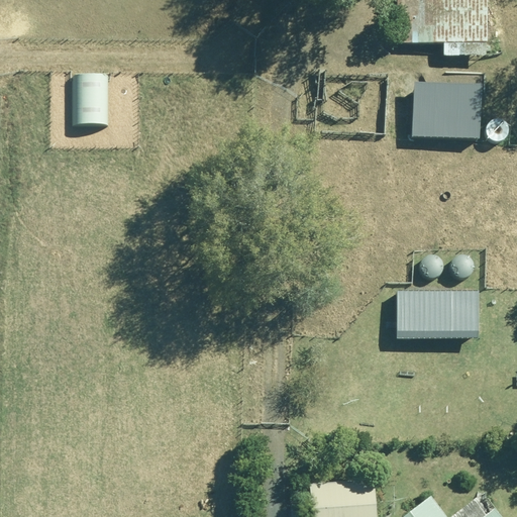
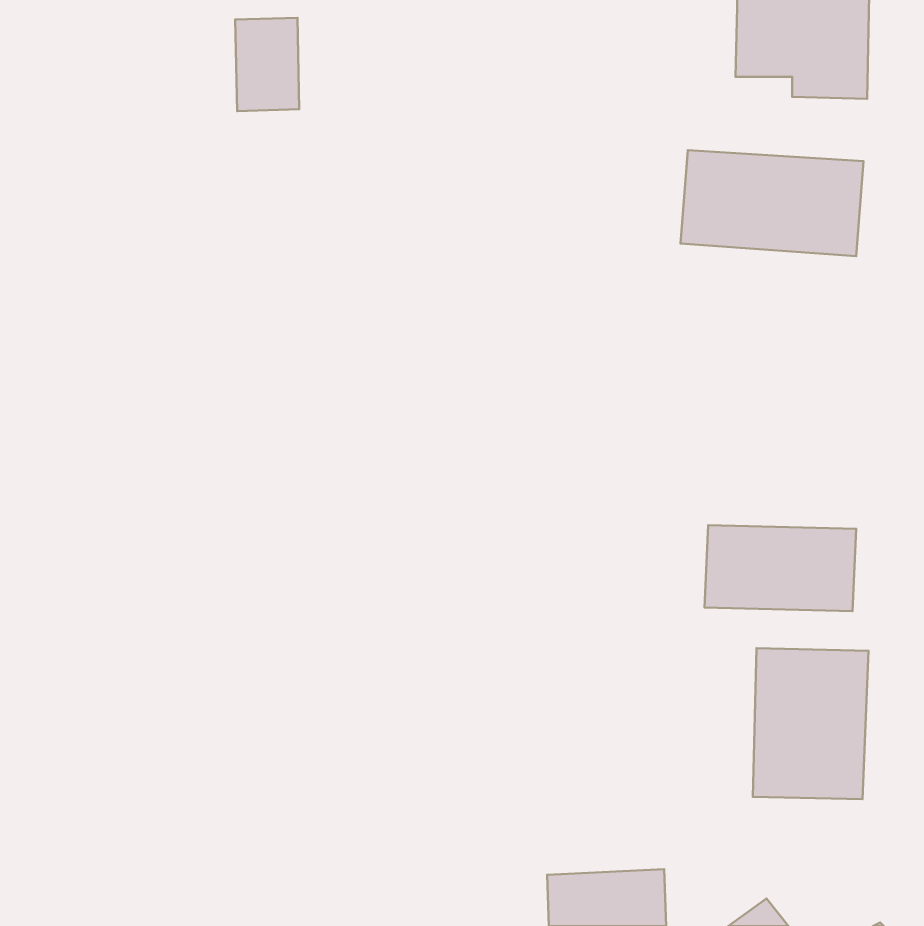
building: [76,73,111,124] -> [235,18,299,111]
building: none -> [753,648,868,799]

